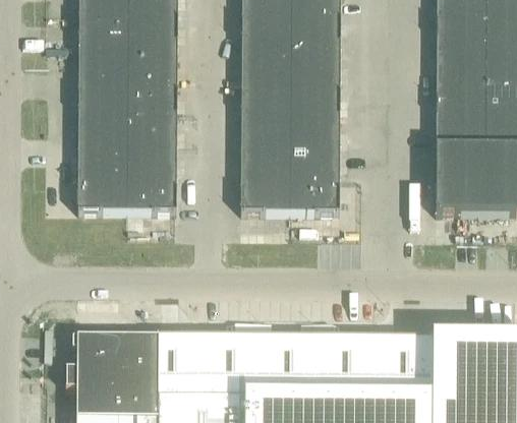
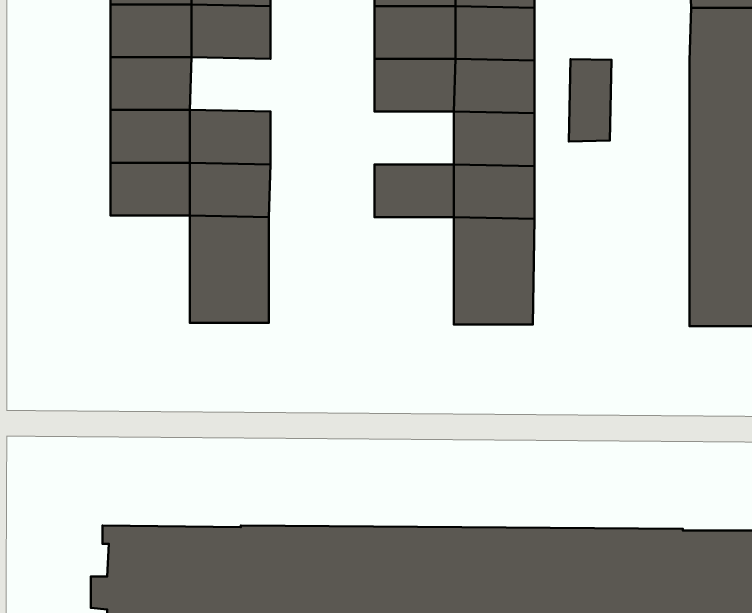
building: [127,42,177,75] -> none
building: none -> [569,59,611,141]
building: [241,75,290,108] -> none
building: [77,139,127,205] -> none
building: [240,140,290,206] -> none

